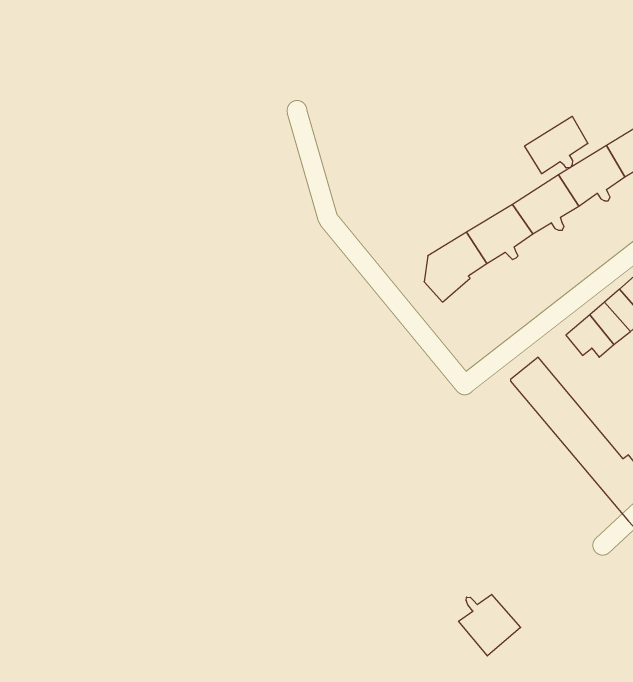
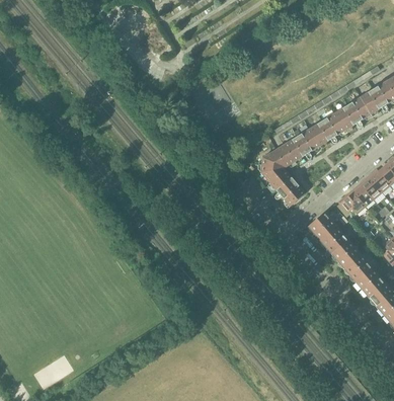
building: [525,116,588,174] -> none
building: none -> [270,169,305,206]
building: [459,594,521,656] -> none

